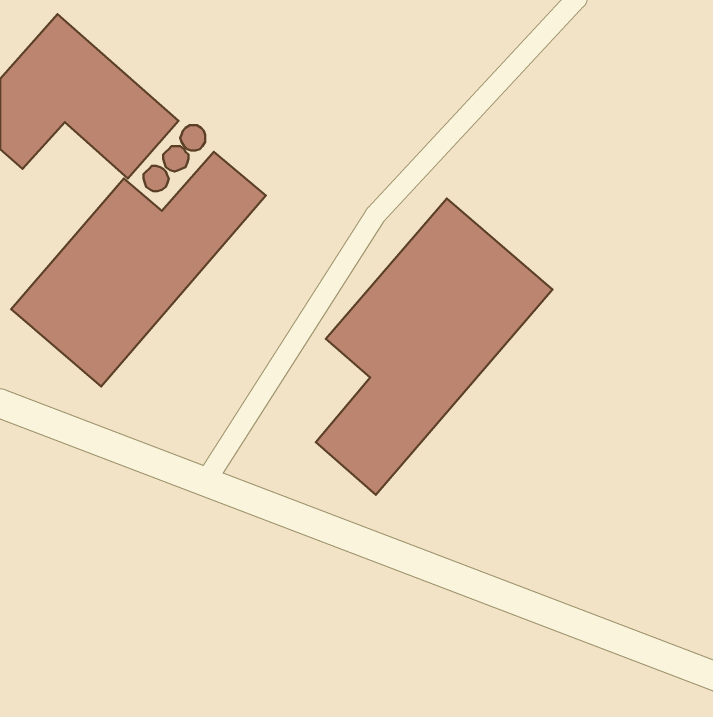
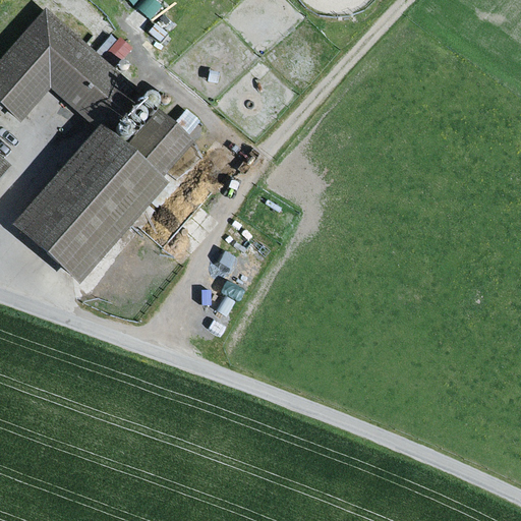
building: [316,199,552,495] -> none

